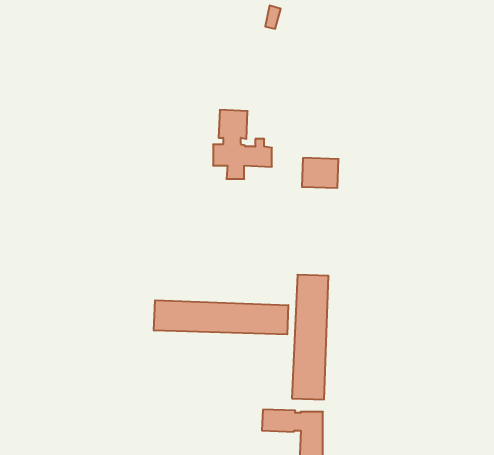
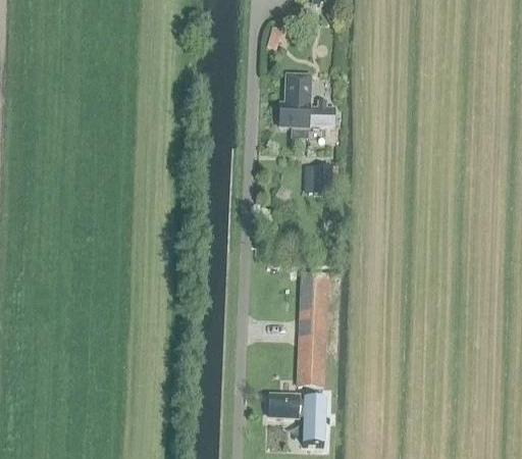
building: [213,110,272,179] -> [279,72,333,136]
building: [154,300,288,334] -> none

